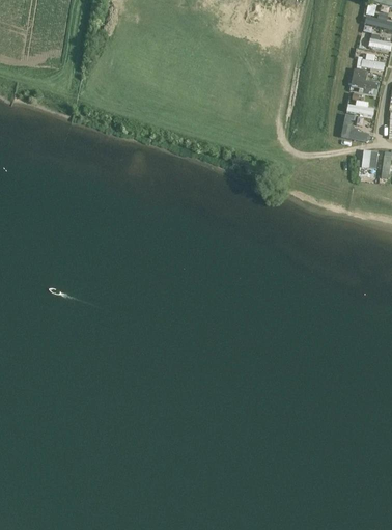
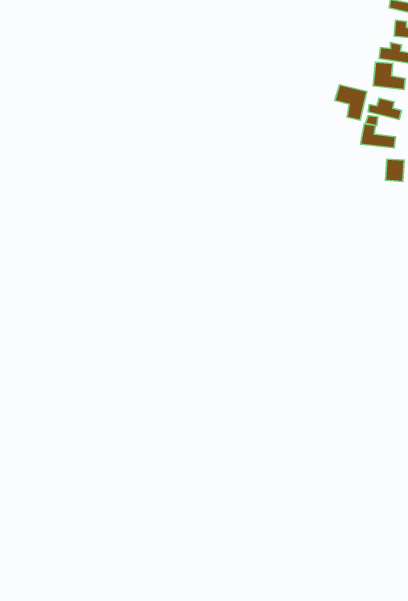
building: none -> [335,85,367,120]

